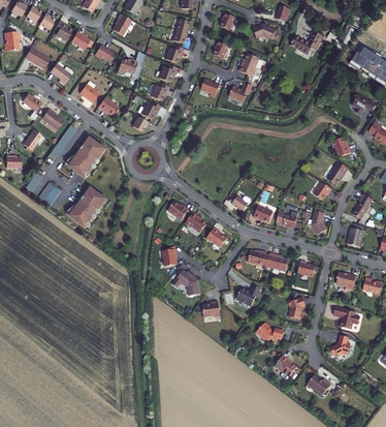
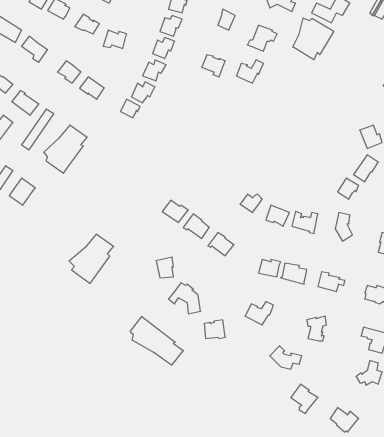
building: none -> [293,18,334,60]
building: [68,187,105,228] -> [69,234,114,283]
building: none -> [130,316,183,365]

